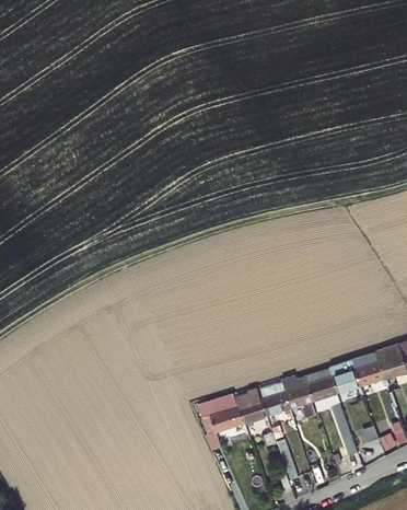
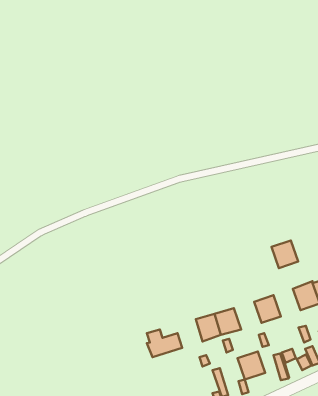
building: [352,352,384,385] -> [271,240,298,268]
building: [305,368,338,401] -> [238,352,265,379]
building: [236,389,268,422] -> none

